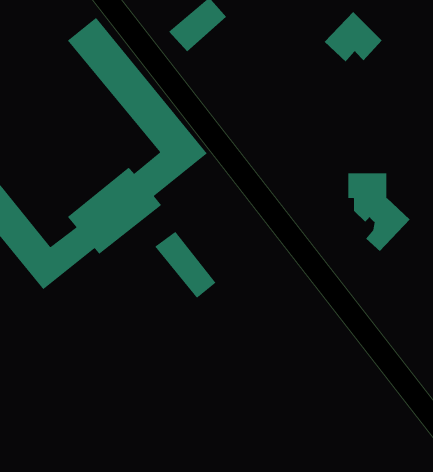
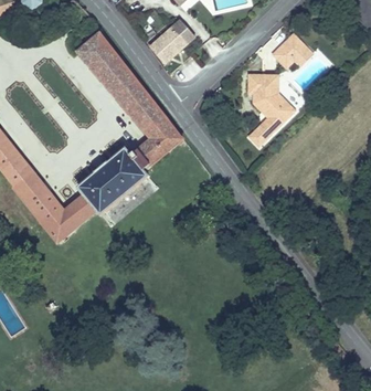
building: [347,172,411,252] -> [248,77,296,137]
building: [154,231,217,299] -> none

